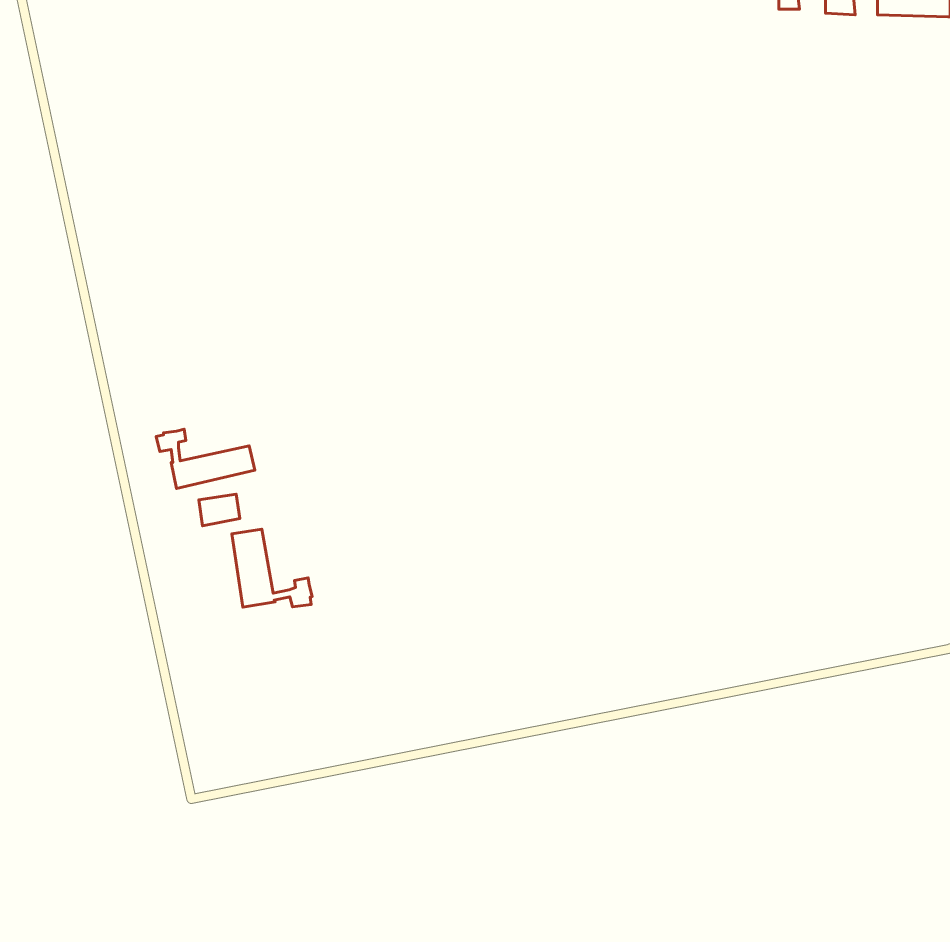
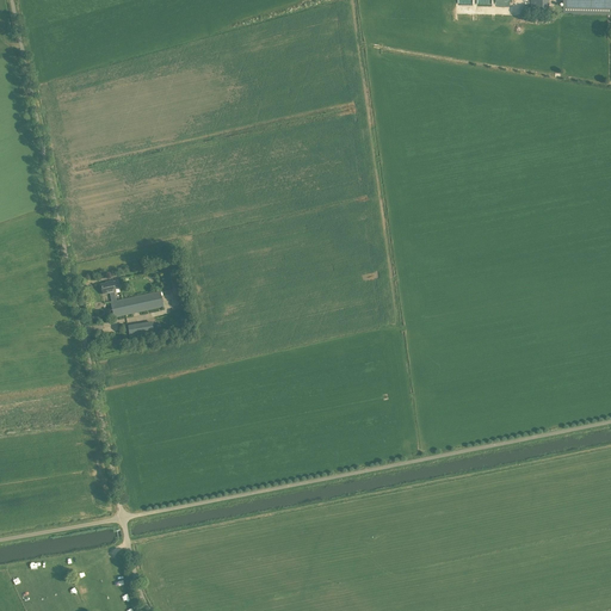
building: [232,529,312,607] -> none

